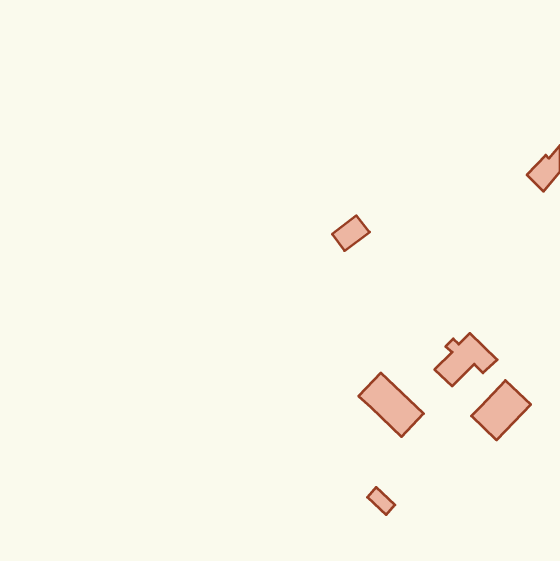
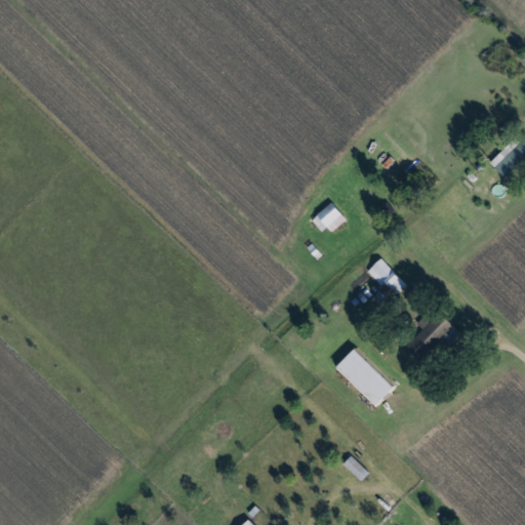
building: none -> [366,257,406,293]
building: [471,380,531,440] -> none

